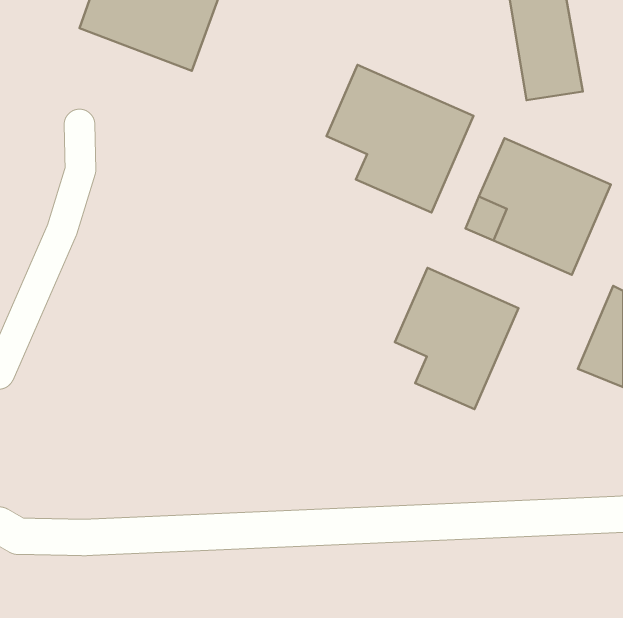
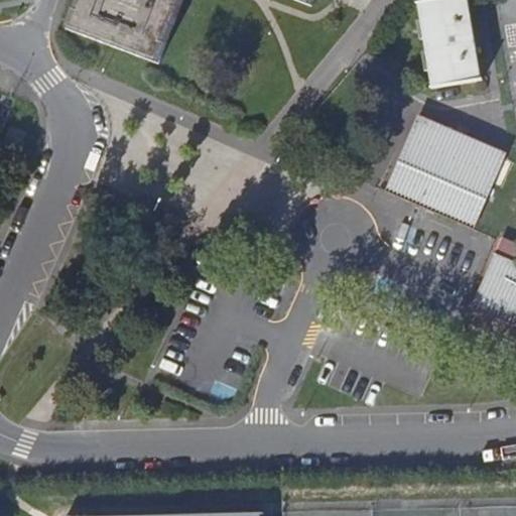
building: [327,65,474,213] -> none
building: [395,268,519,409] -> none

